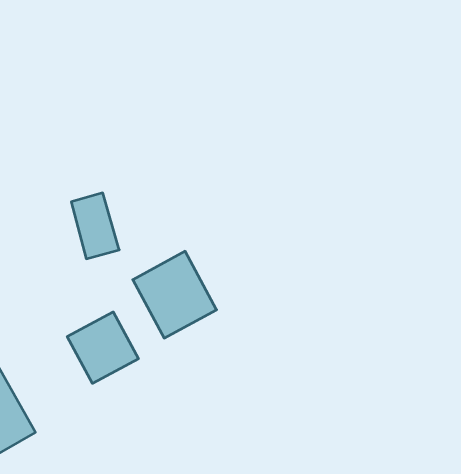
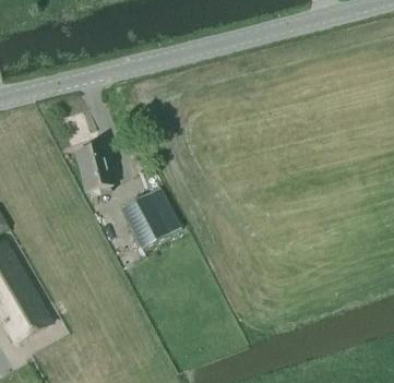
building: [67,312,138,383] -> none

